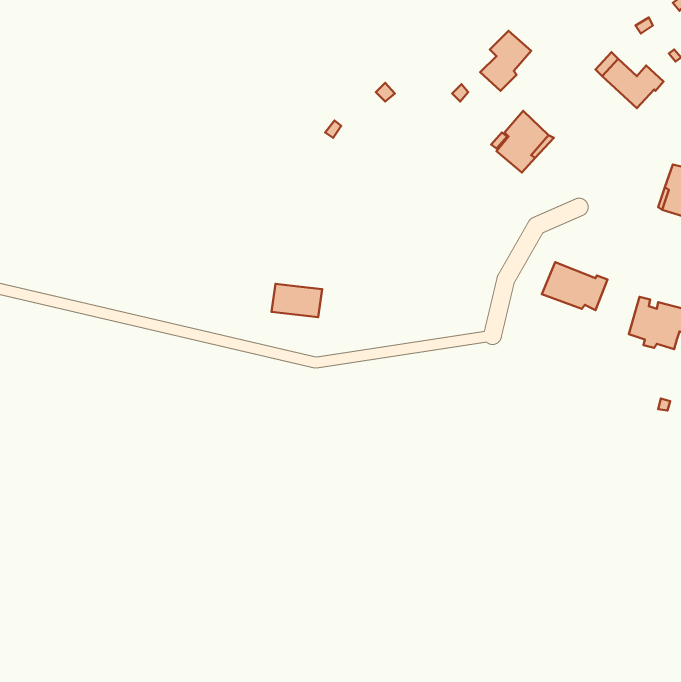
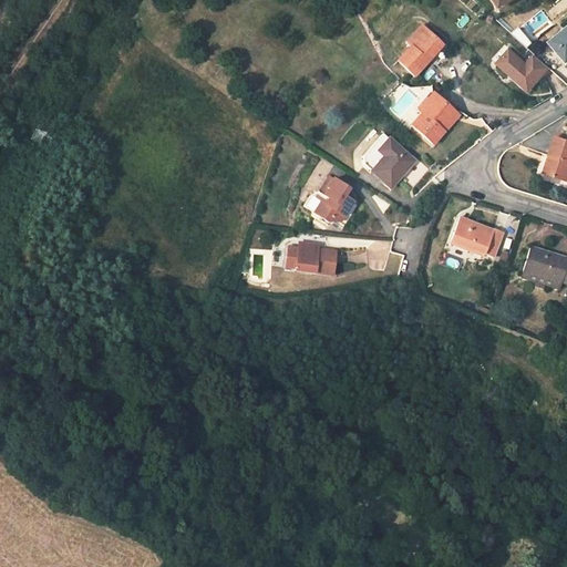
building: none -> [373,138,415,187]
building: none -> [305,176,354,221]
building: [271,284,322,317] -> [296,246,338,274]

